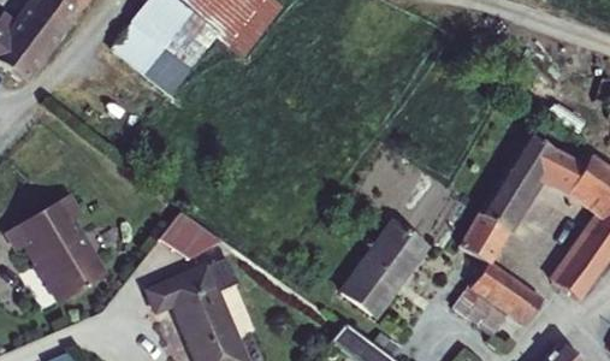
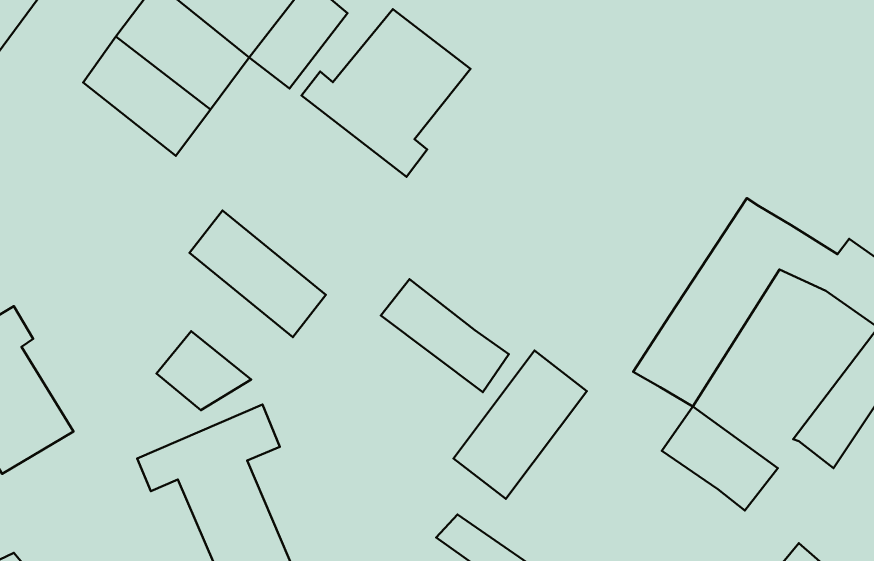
building: none -> [301,9,470,177]
building: none -> [190,211,326,337]
building: none -> [381,279,509,392]
building: [456,285,508,332] -> none

